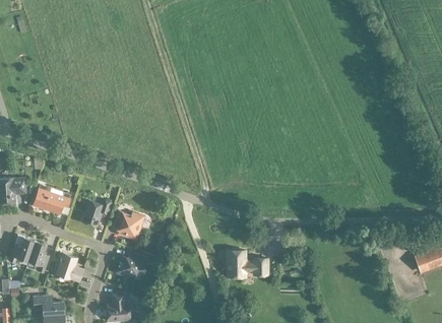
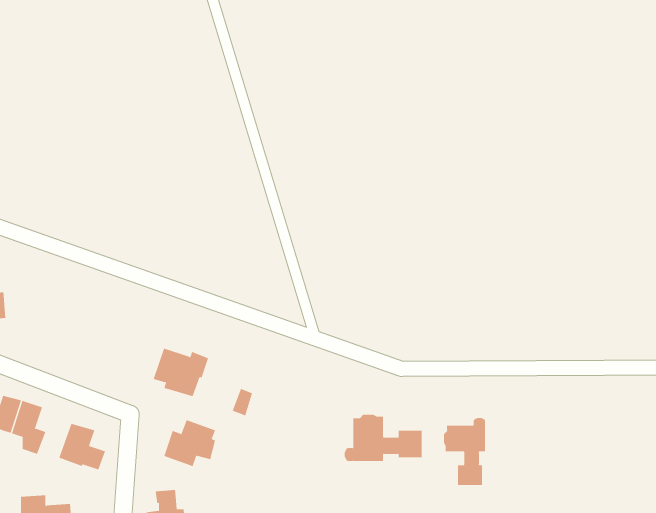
building: [31,184,70,212] -> none
building: [80,199,110,225] -> none
building: none -> [443,417,486,486]

